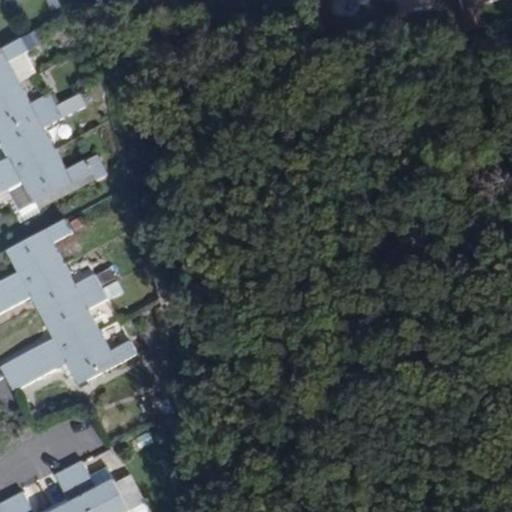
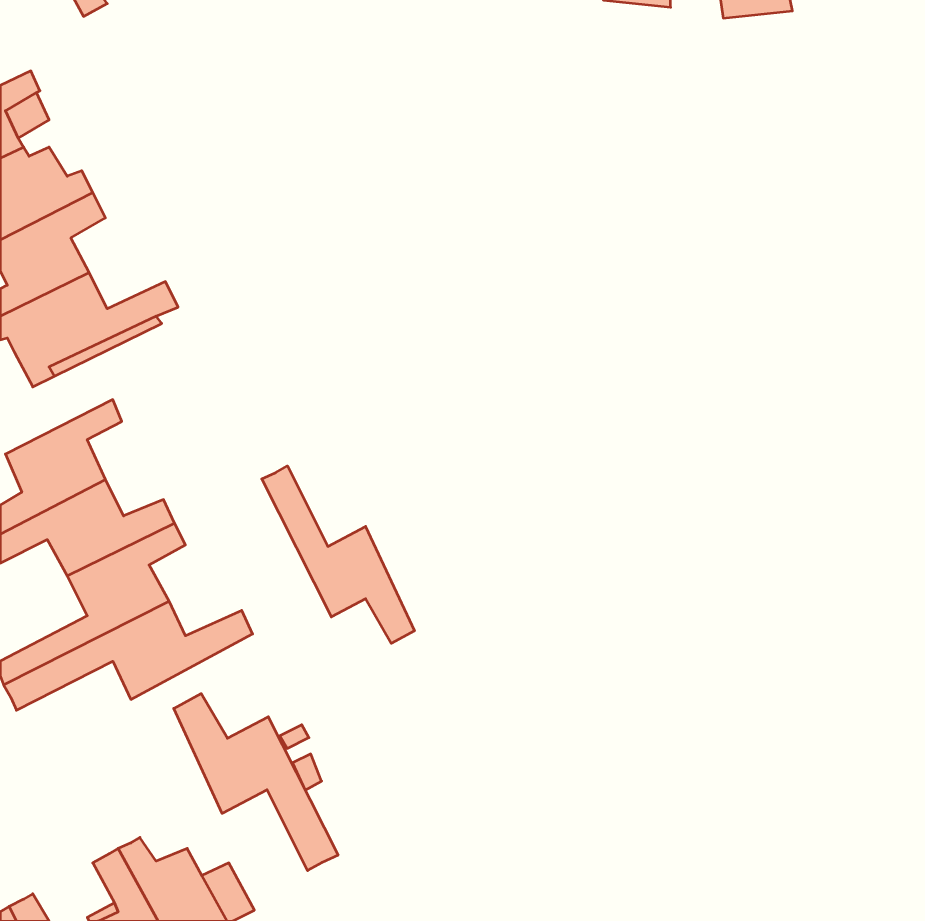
building: none -> [262,466,414,643]
building: none -> [174,694,338,871]

